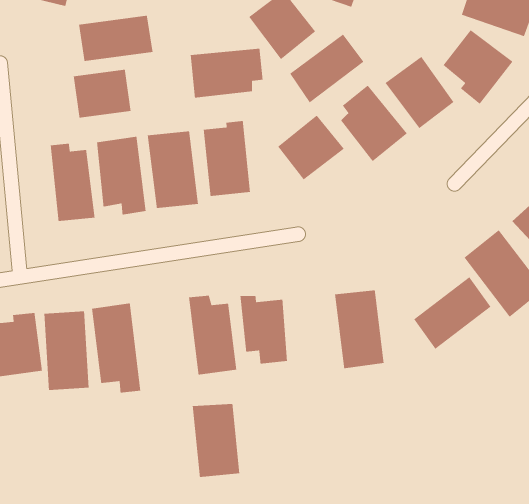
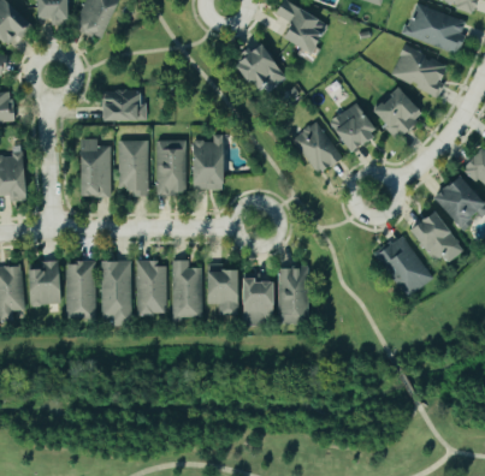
building: [78,15,153,62] -> none
building: [289,34,364,103] -> none
building: [190,48,263,99] -> none
building: [277,114,345,181] -> none
building: [413,276,492,350] -> none
building: none -> [244,275,277,320]
building: [192,403,240,478] -> [136,260,166,313]

